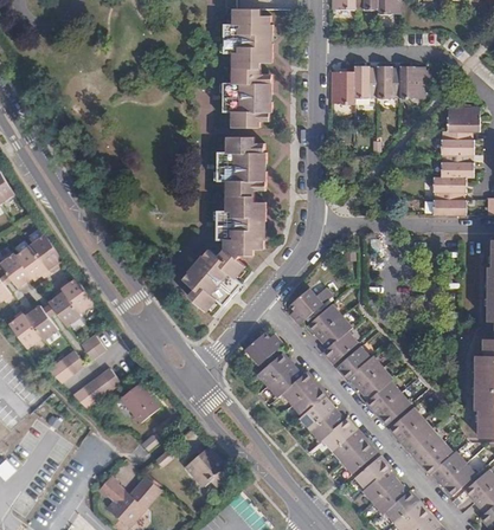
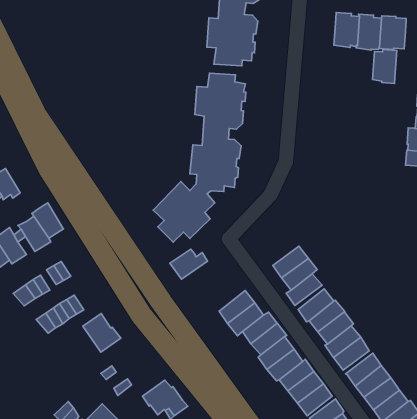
building: [331,71,353,104] -> [373,50,397,83]
building: [31,233,63,269] -> none
building: [289,286,322,324] -> none
building: [244,334,282,364] -> [170,249,208,279]

